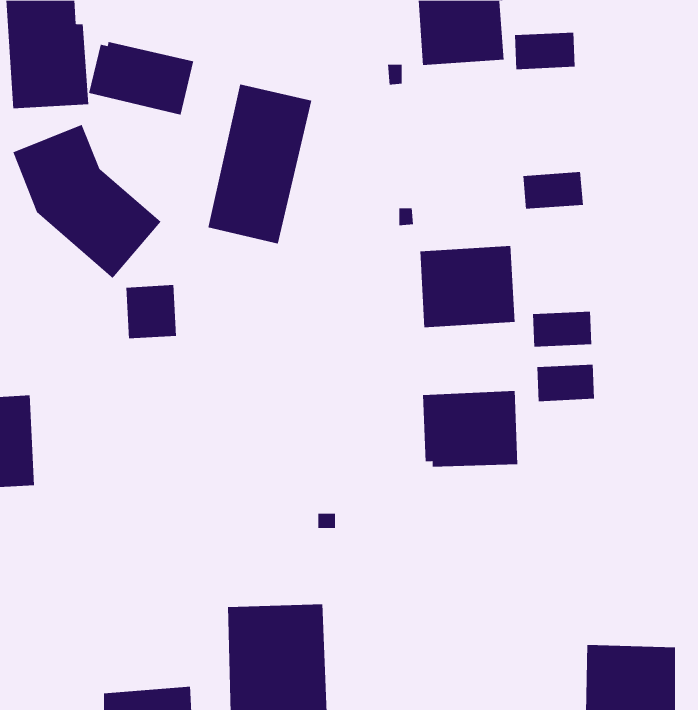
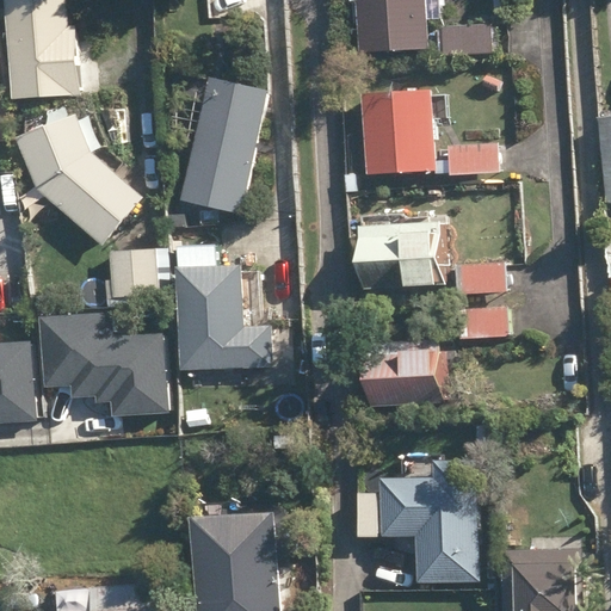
building: [89,41,194,115] -> none
building: none -> [364,98,439,180]
building: none -> [177,263,267,365]
building: none -> [38,309,162,412]
building: none -> [384,465,480,587]

